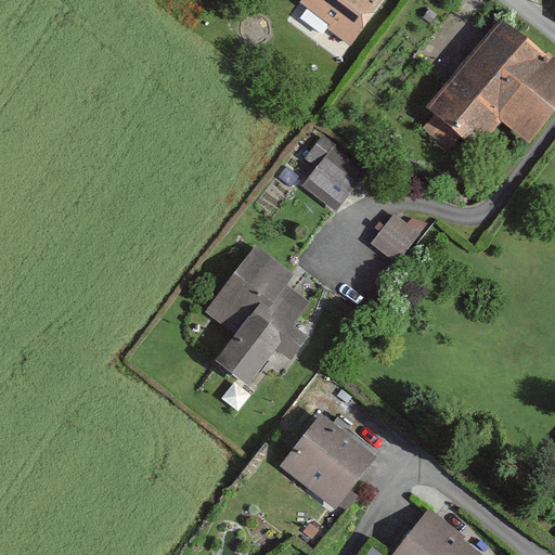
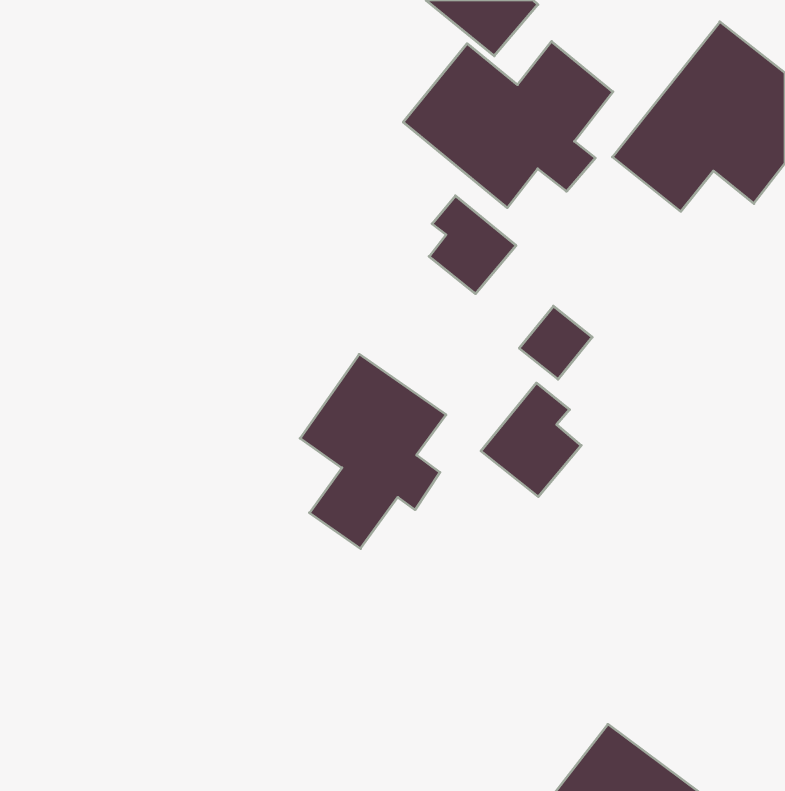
building: none -> [403,41,613,208]
building: none -> [481,383,581,497]
building: [282,416,375,507] -> none

